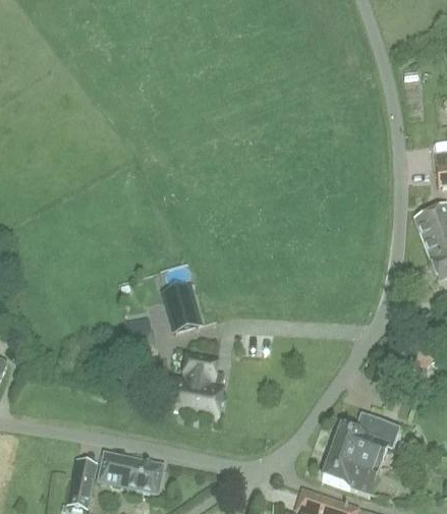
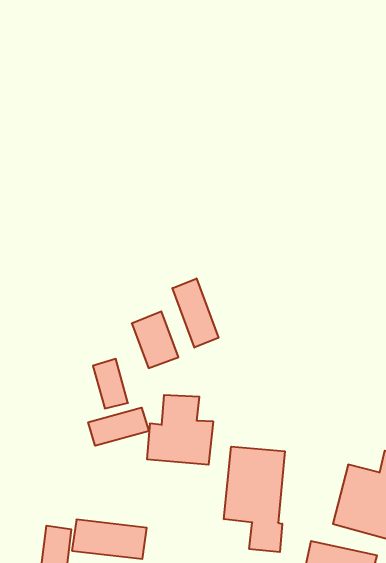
building: none -> [172,278,218,348]
building: none -> [88,408,149,446]
building: none -> [224,447,285,552]

